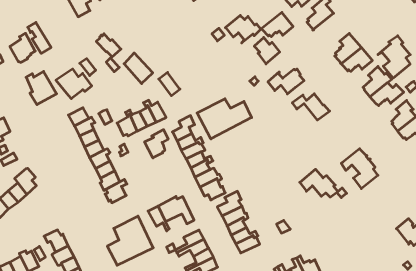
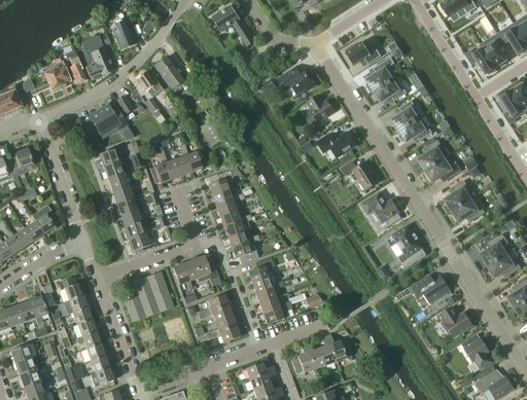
building: [261,12,293,37] -> [372,76,407,101]
building: [378,36,410,78] -> none
building: [124,53,153,84] -> [154,54,184,88]
building: [26,71,57,105] -> [82,44,113,79]
building: [197,99,252,139] -> none
building: [145,130,168,158] -> none
building: [300,169,338,197] -> [361,191,401,223]
building: none -> [408,274,452,301]

